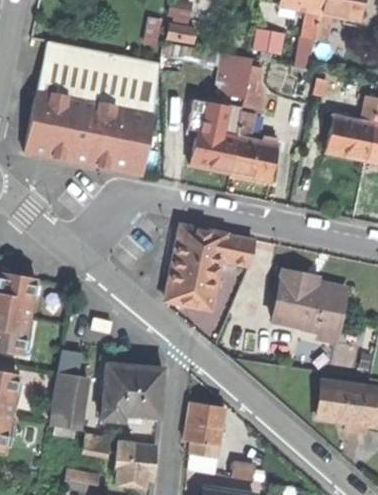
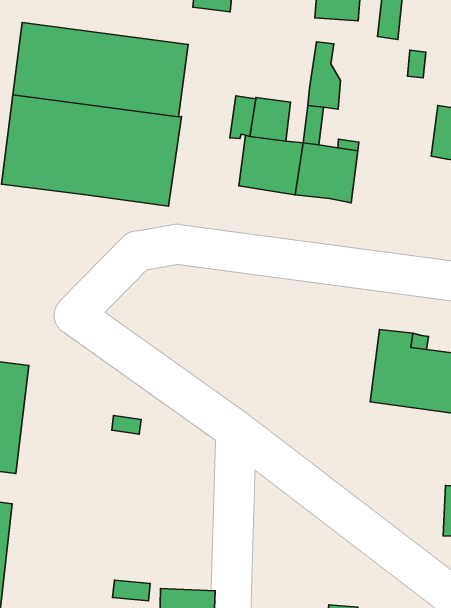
building: [222,62,252,99] -> none
building: [166,226,254,308] -> none
building: [52,351,88,430] -> none
building: [104,365,162,421] -> none
building: [185,402,225,457] -> none

